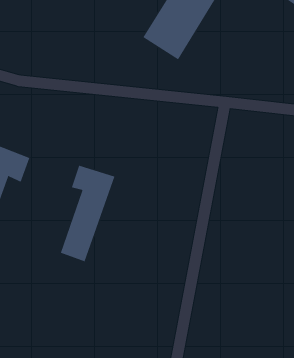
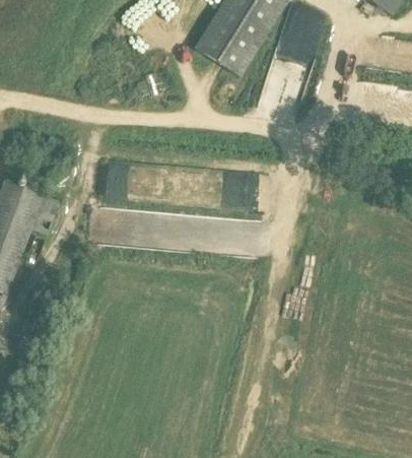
building: [60,165,115,262] -> none

